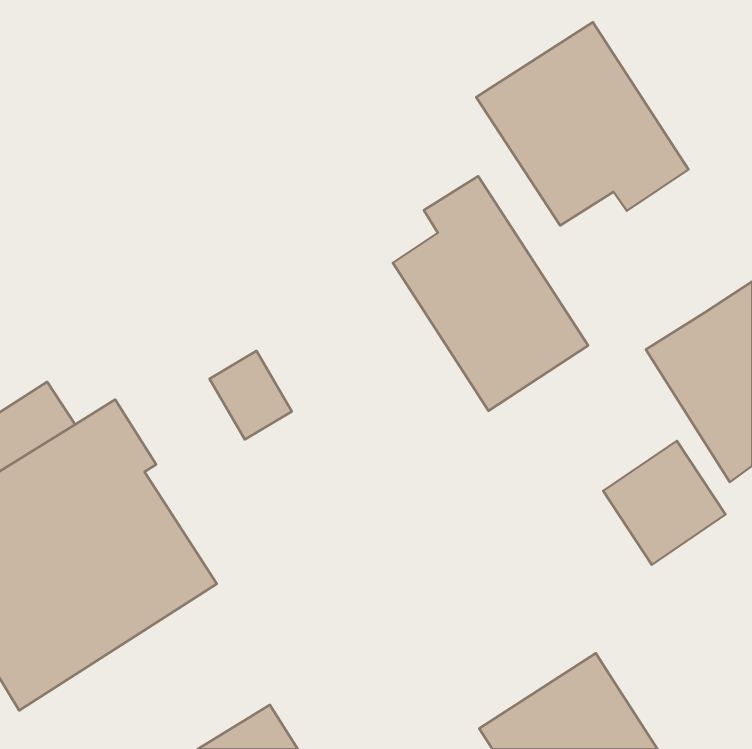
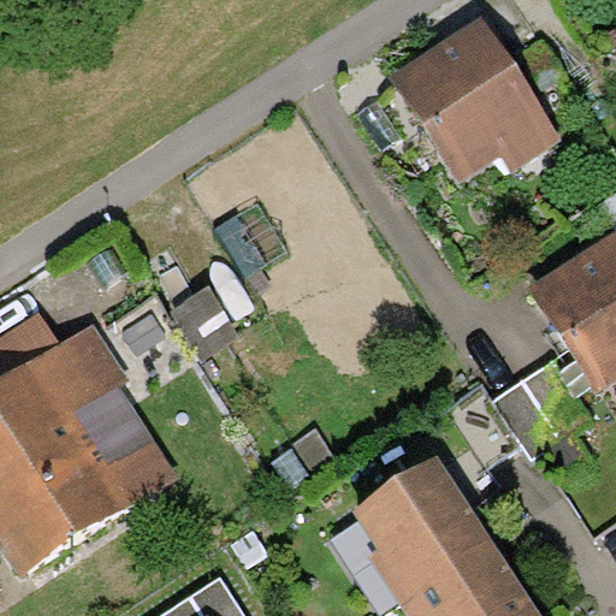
building: [393,176,588,411] -> none
building: none -> [351,457,486,594]

